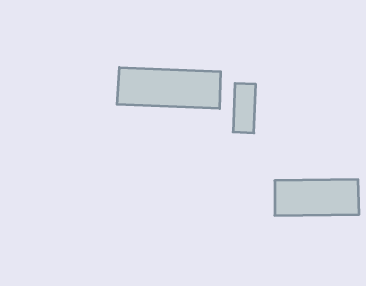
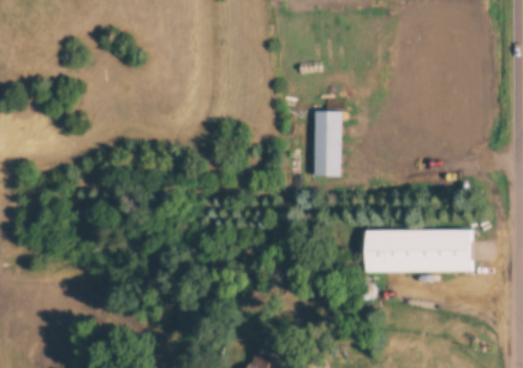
building: [117,67,221,109] -> none

